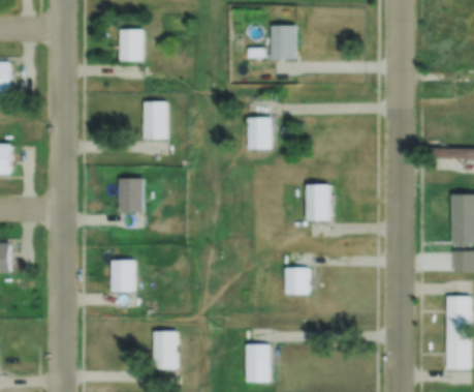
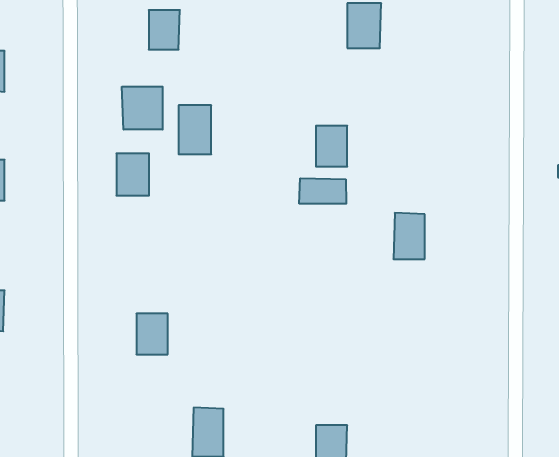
building: none -> [122,87,163,130]
building: none -> [299,178,346,204]
building: [118,179,143,211] -> [116,153,149,196]
building: [286,269,309,294] -> none

